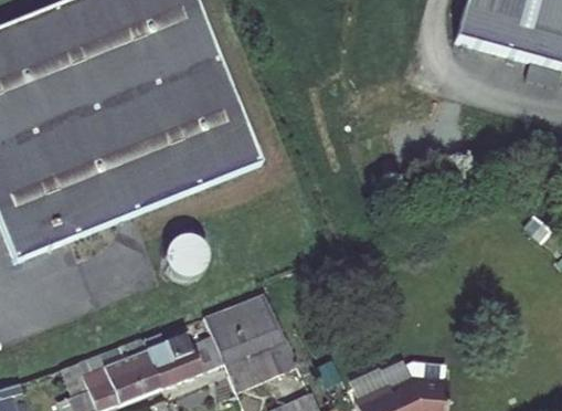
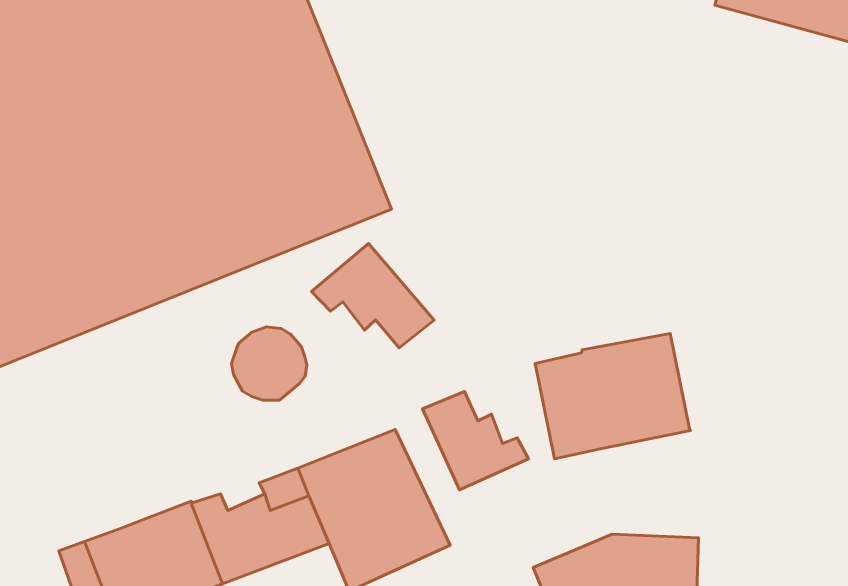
building: none -> [312,244,434,348]
building: none -> [535,333,691,459]
building: none -> [423,391,529,490]

